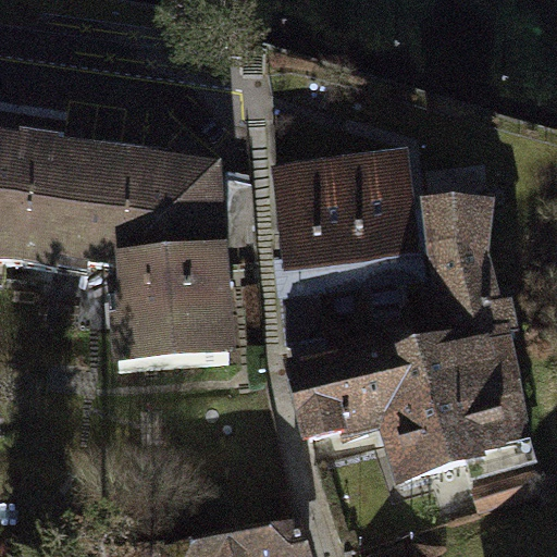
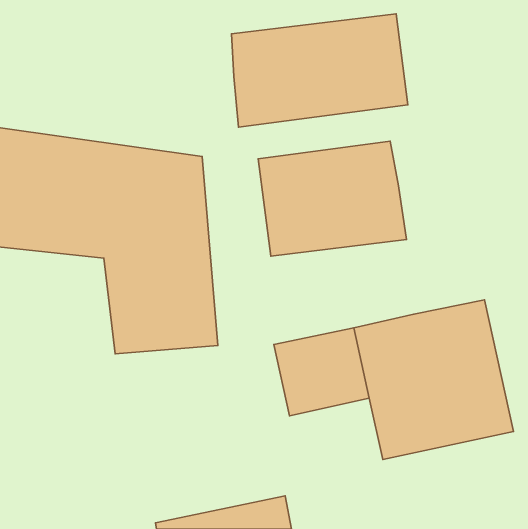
building: none -> [232,14,408,127]
building: [418,195,508,330] -> none

